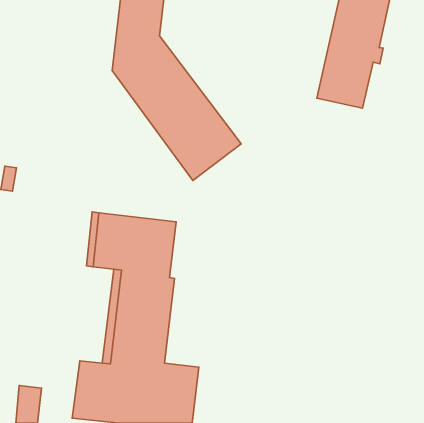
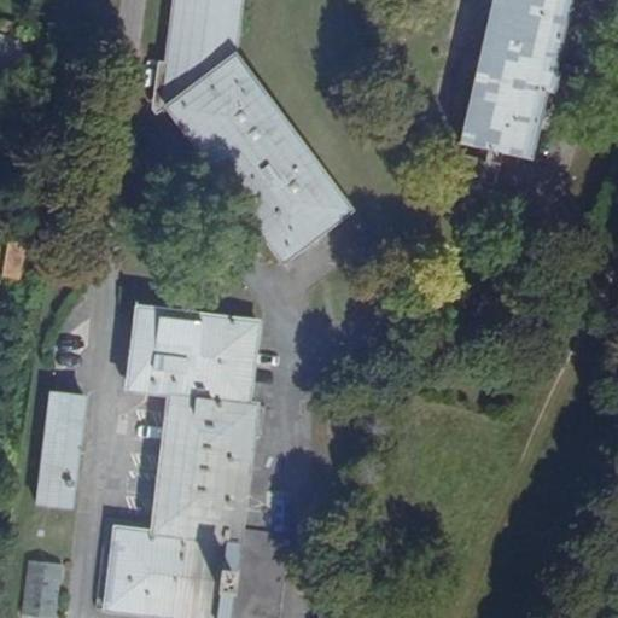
building: none -> [40,391,81,507]

